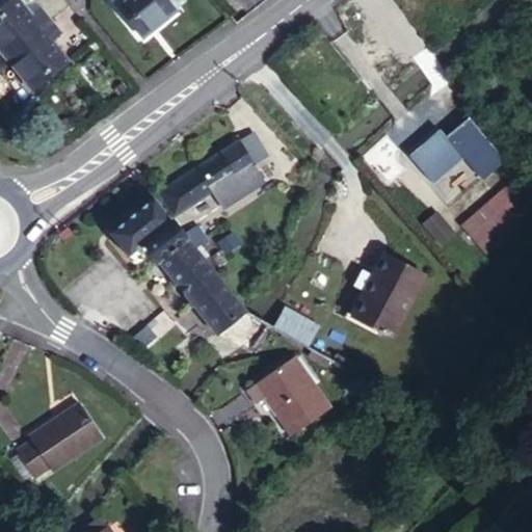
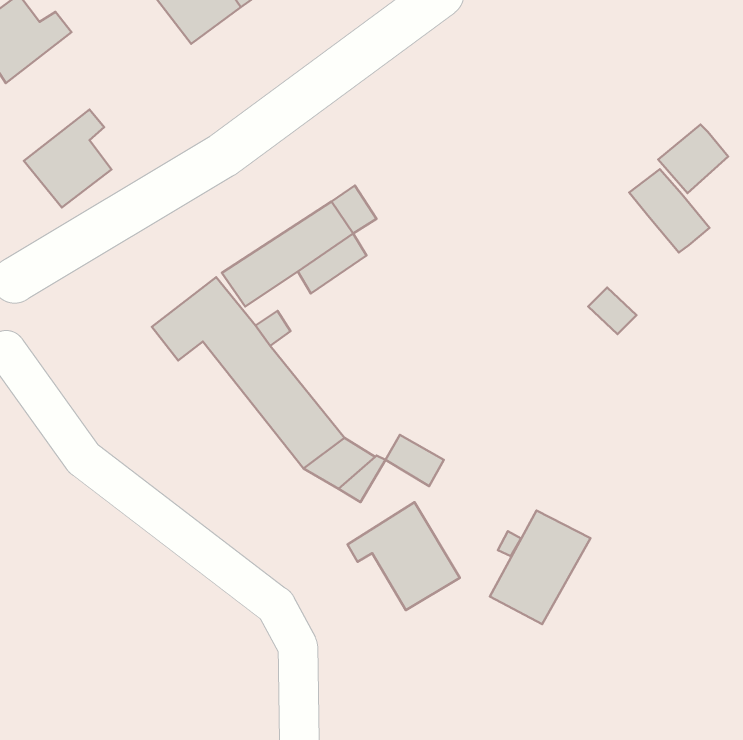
building: [4,23,66,92] -> [24,110,111,207]
building: [413,132,462,181] -> [658,124,728,193]
building: [464,190,521,254] -> none
building: [353,256,425,337] -> [490,510,590,624]
building: [27,390,112,467] -> none

